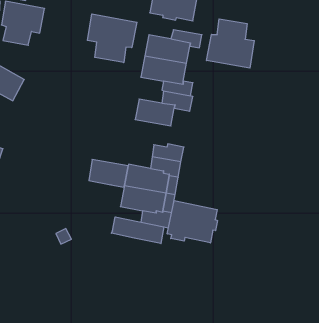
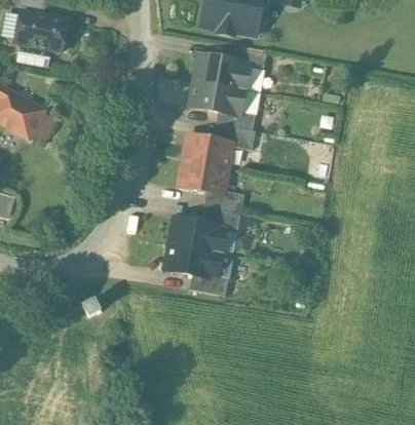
building: [87,14,137,63] -> none
building: [207,19,254,68] -> none
building: [89,159,128,187] -> [178,159,227,194]
building: [167,201,218,243] -> none
building: [111,217,164,244] -> none

